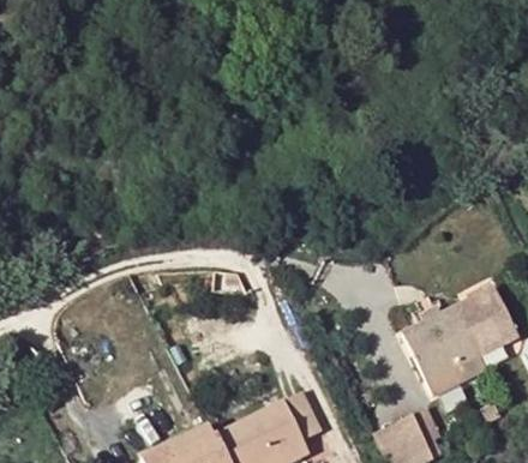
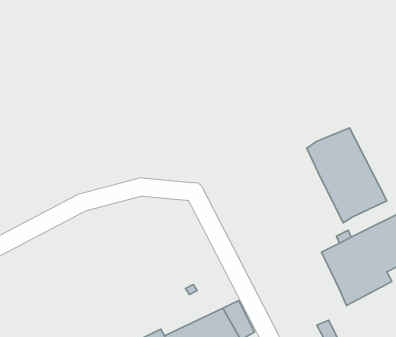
building: none -> [307,128,387,223]

